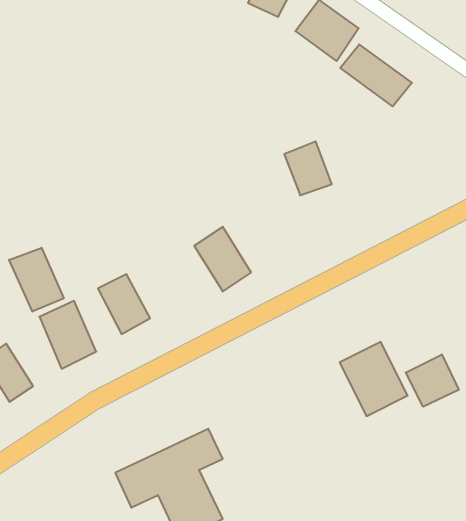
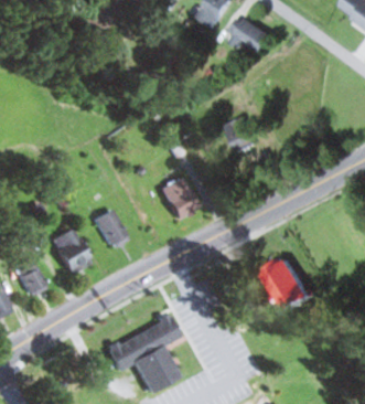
building: [340,44,412,106] -> none
building: [9,248,64,312] -> none
building: [406,354,459,407] -> none

